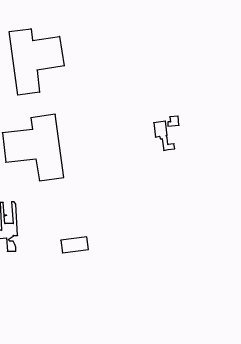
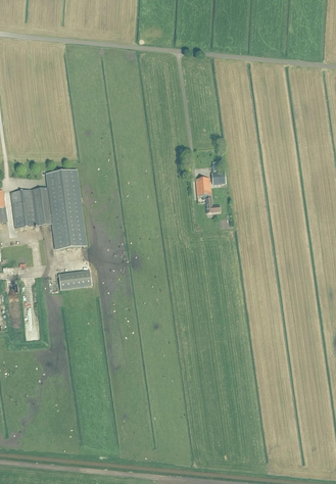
building: [9,29,64,95] -> none
building: [61,237,88,253] -> [57,270,91,289]

